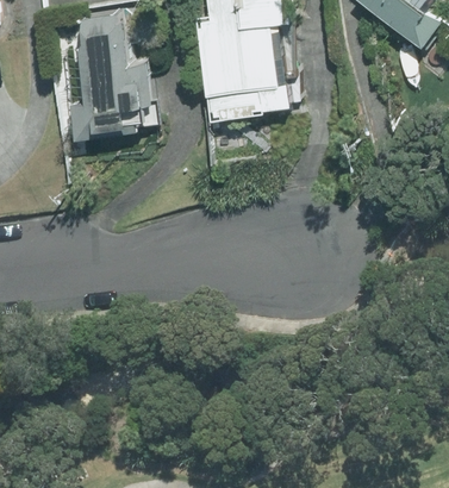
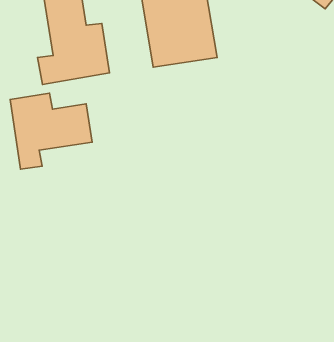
building: none -> [10,93,92,169]

